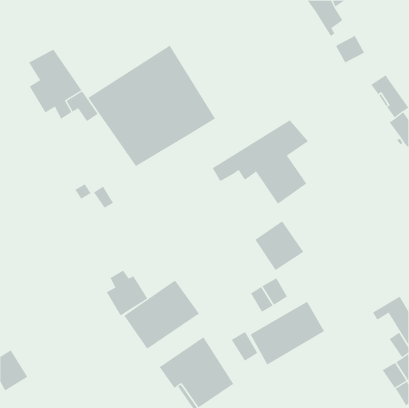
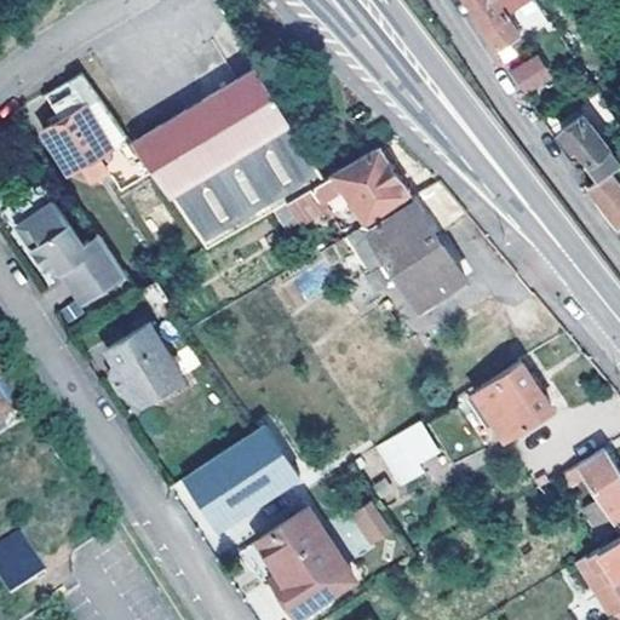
building: none -> [288,149,408,224]
building: none -> [8,189,122,305]
building: [254,220,304,271] -> [476,363,551,440]
building: [106,270,148,316] -> [117,333,182,403]
building: [250,301,325,365] -> none

